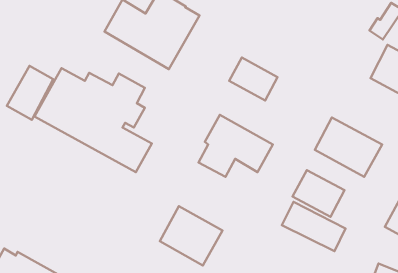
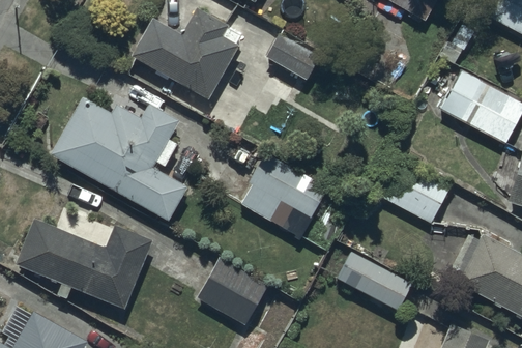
building: [229,57,278,100] -> [267,31,323,81]
building: [7,66,53,120] -> none
building: none -> [17,212,153,309]
building: [293,170,344,217] -> none

